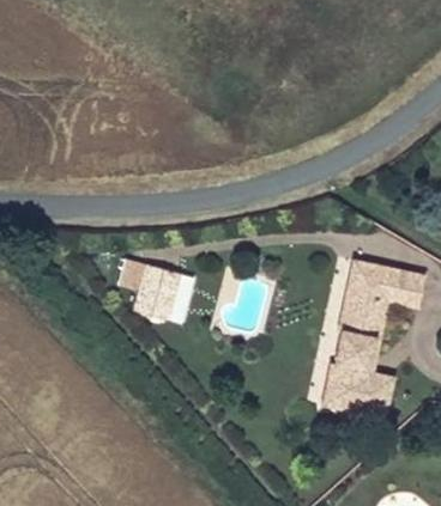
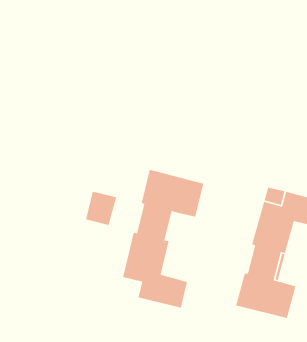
building: none -> [122,169,204,308]

